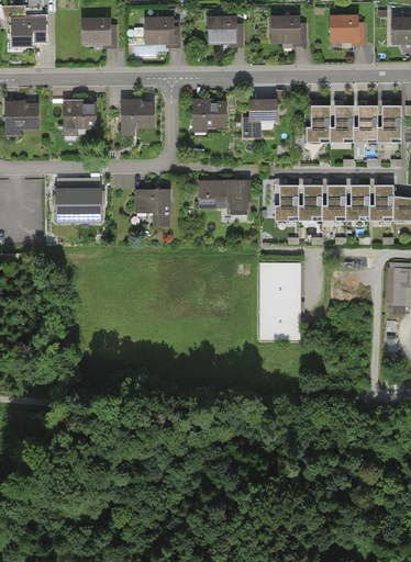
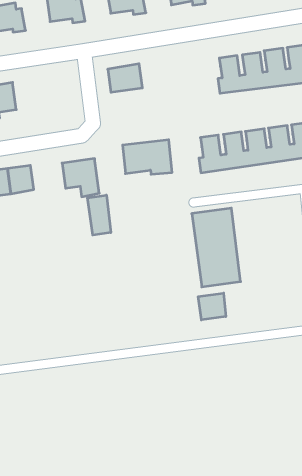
building: [244,98,278,136] -> none
building: [120,100,153,134] -> none
building: none -> [88,195,111,235]
building: none -> [198,293,226,320]

